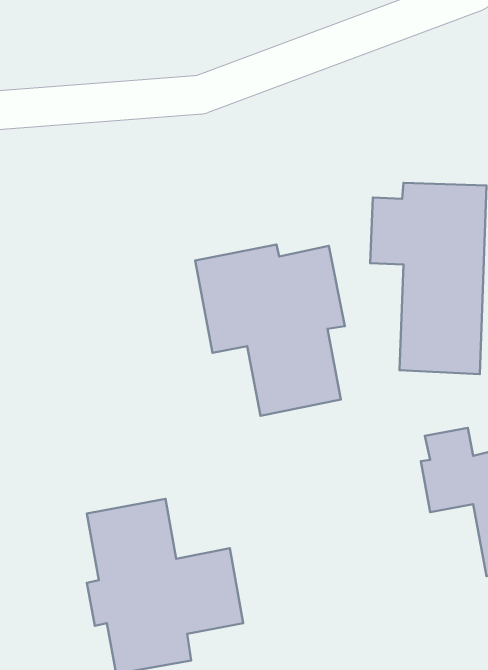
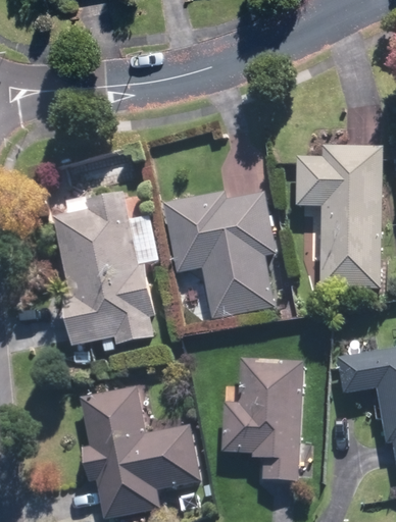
building: none -> [52,192,159,351]
building: none -> [222,358,303,479]

